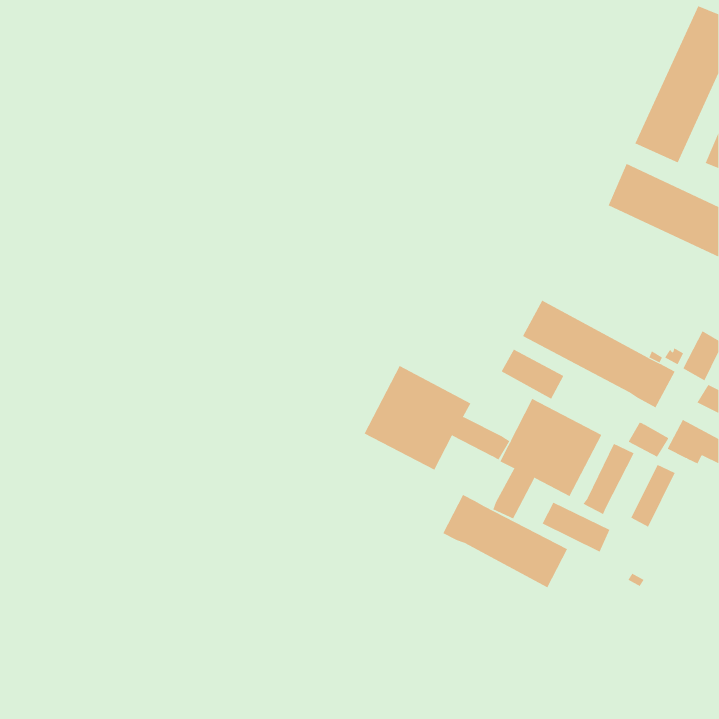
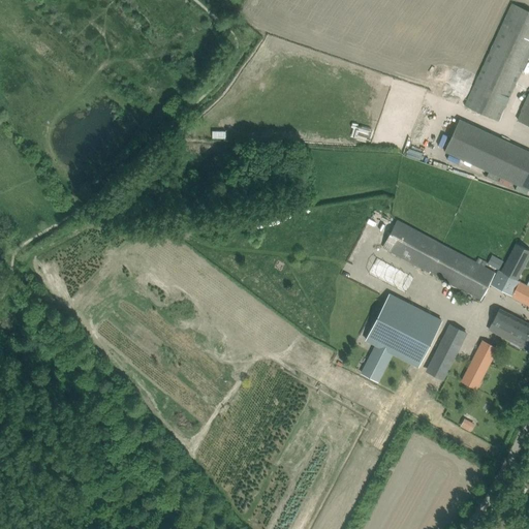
building: [364,365,510,470] -> none
building: [628,422,669,457] -> [490,270,520,295]
building: [443,494,568,588] -> none
building: [542,502,610,553] -> none

